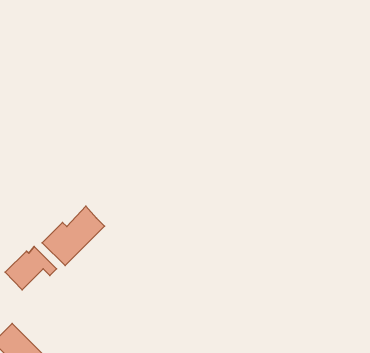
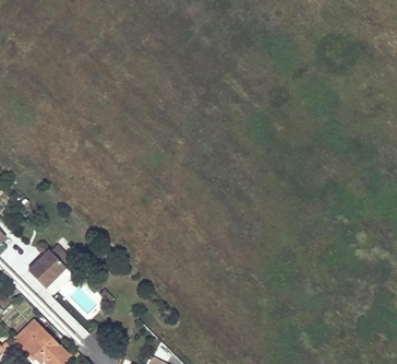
building: [42,206,105,265] -> none

